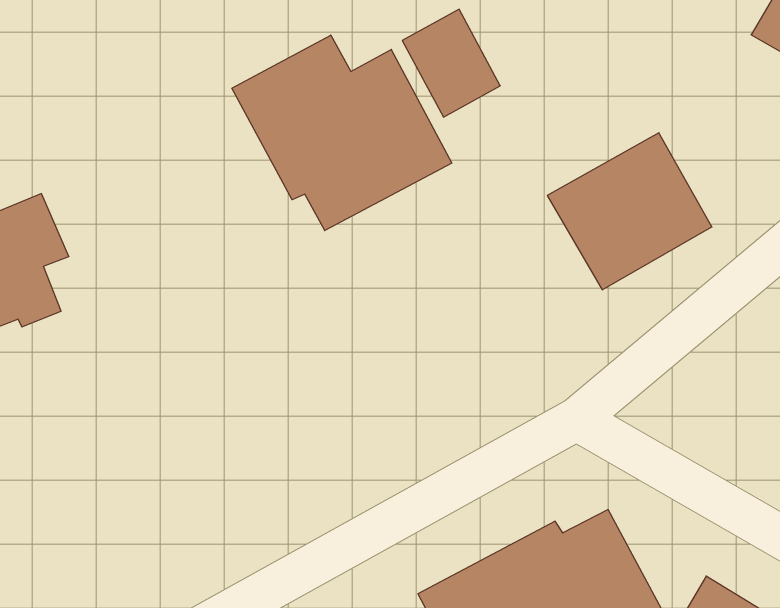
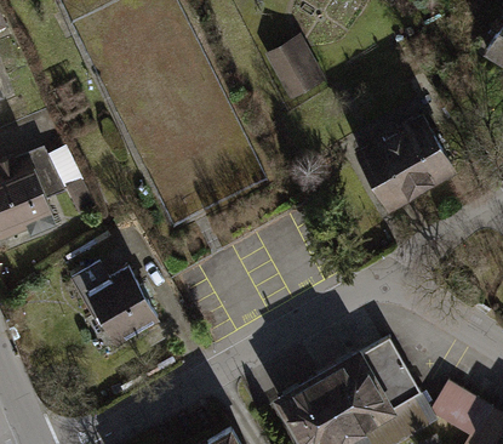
building: [232,35,452,231] -> none
building: none -> [70,266,155,343]

